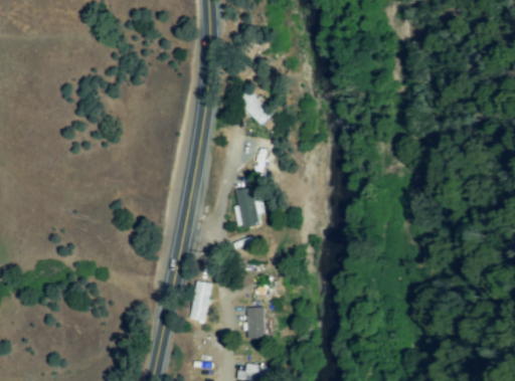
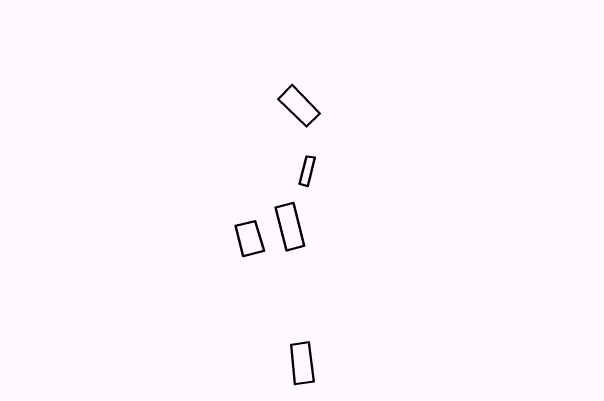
building: none -> [236,221,264,256]
building: [190,281,211,320] -> none

